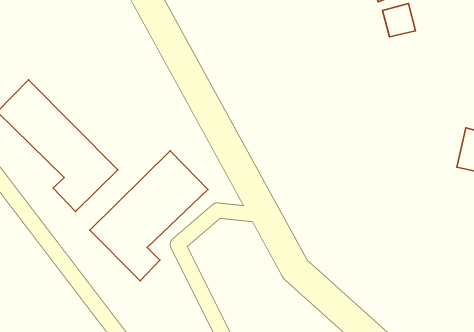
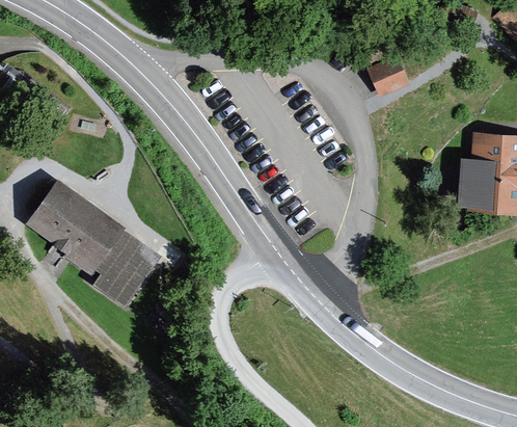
building: [90,151,208,281] -> none

